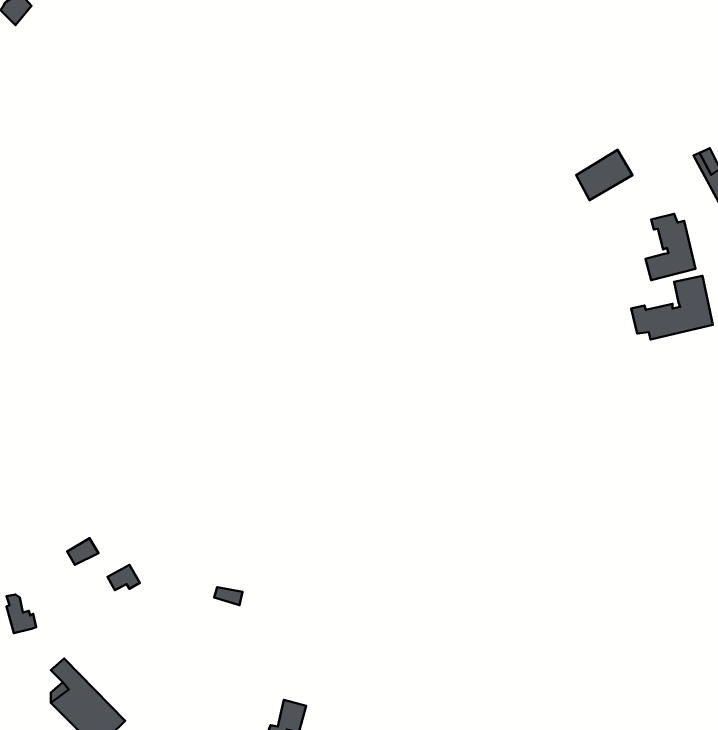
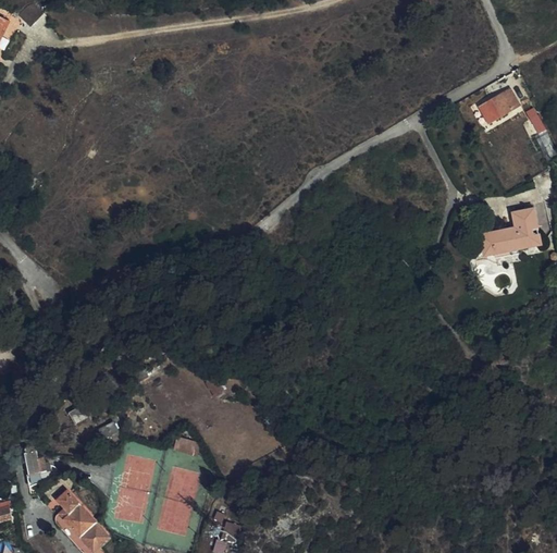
building: [576,150,632,200] -> [480,87,521,124]
building: [645,214,696,280] -> none

